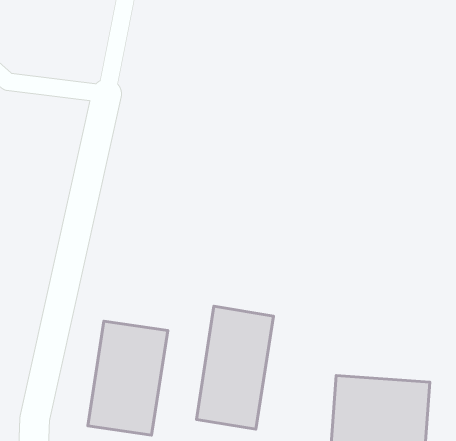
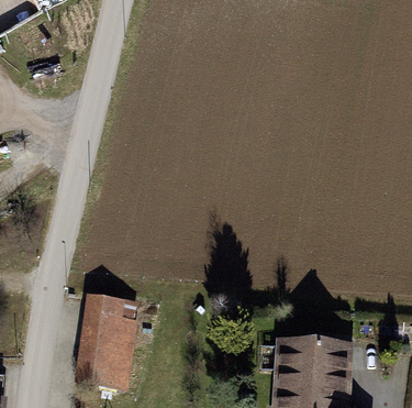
building: [196,306,273,429] -> none

